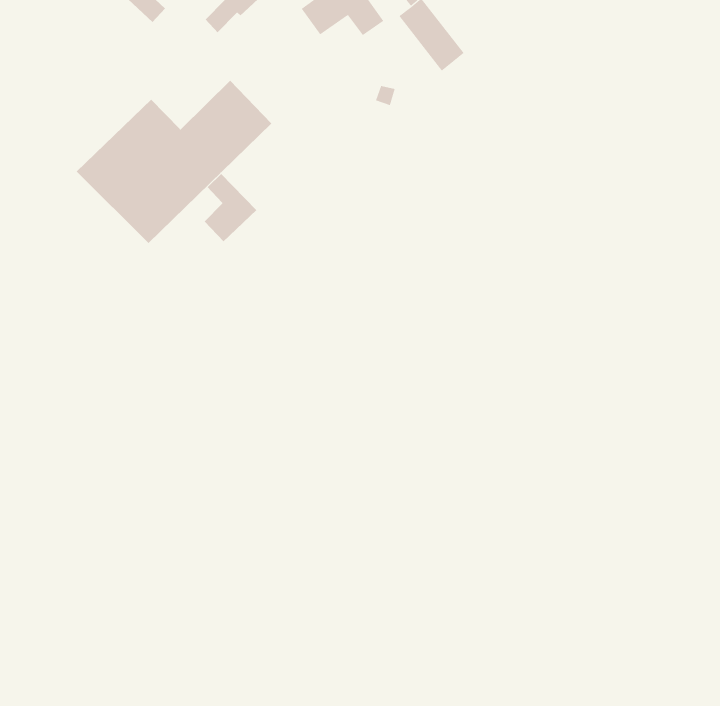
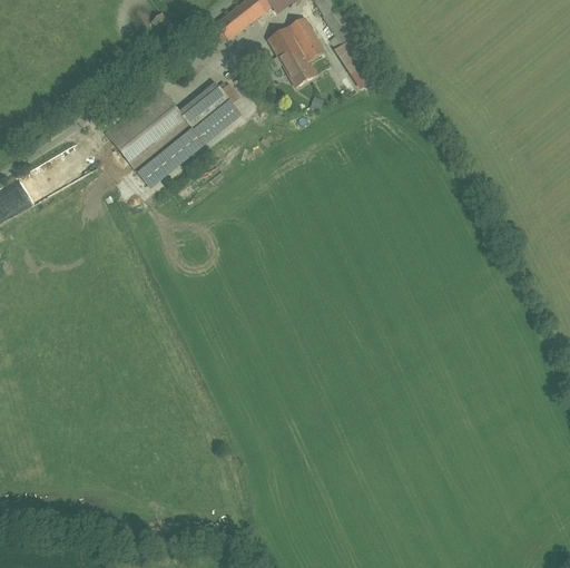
building: none -> [279,46,316,86]
building: [204,173,257,242] -> none

